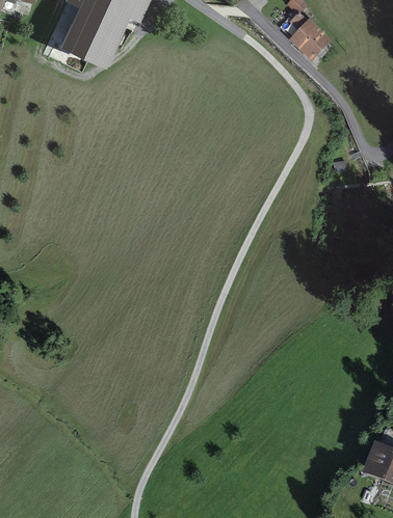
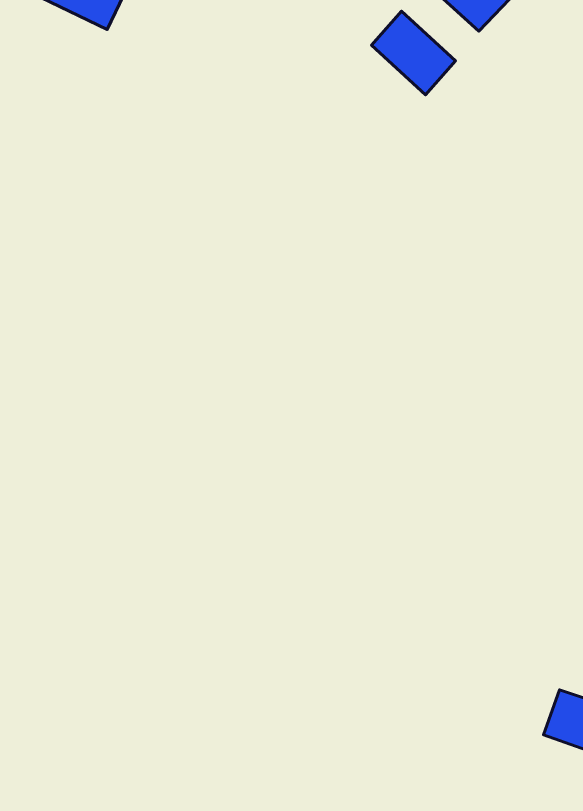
building: none -> [372,11,456,95]

